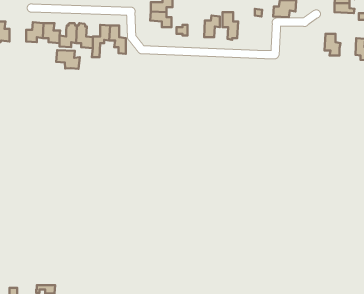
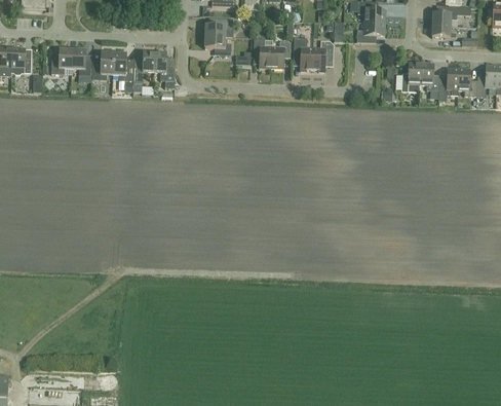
building: none -> [254,38,272,68]
building: none -> [312,40,334,71]
building: none -> [401,63,421,93]
building: none -> [438,69,459,102]
building: [56,50,80,69] -> none

